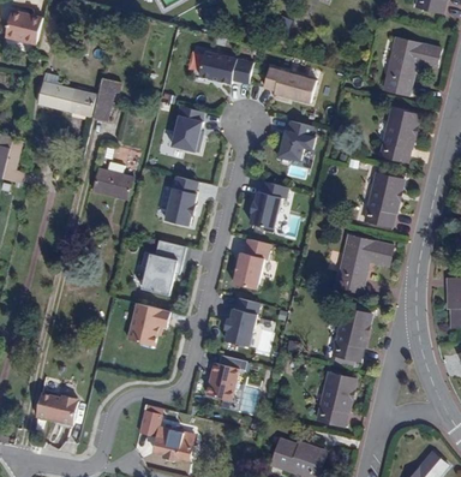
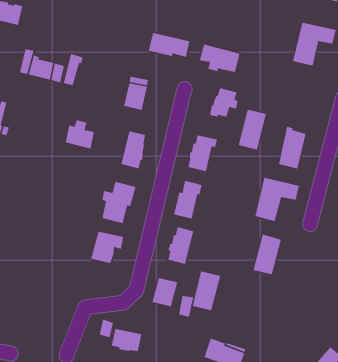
building: [379,108,417,161] -> [238,109,267,150]
building: [317,374,354,425] -> [192,271,221,311]
building: [36,395,77,428] -> none

